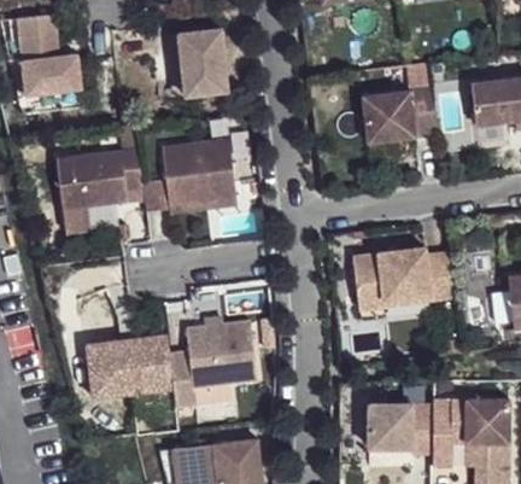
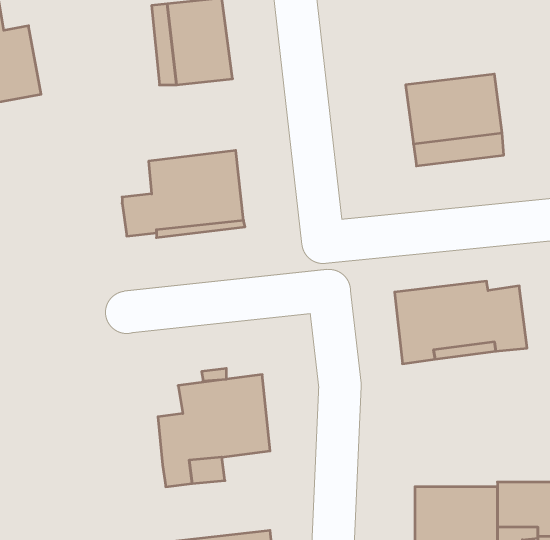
building: [57,150,142,209] -> none
building: [87,336,174,398] -> none

